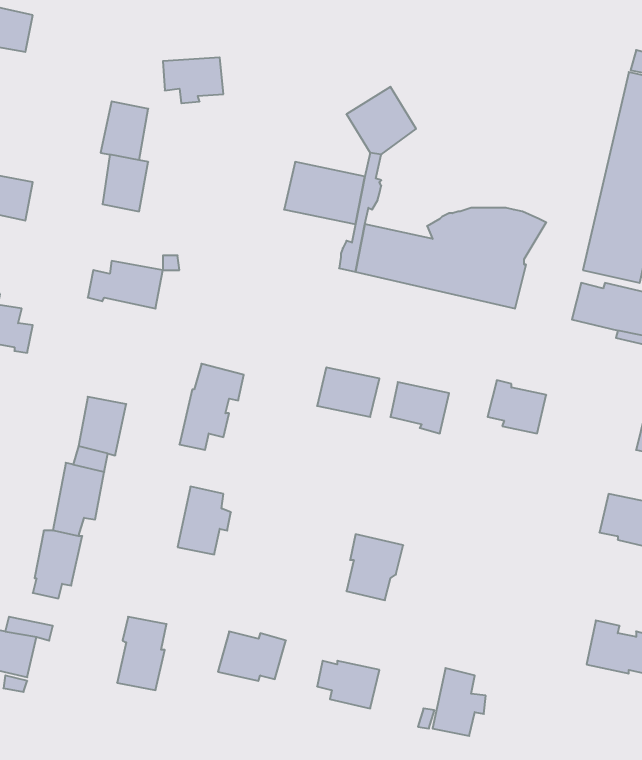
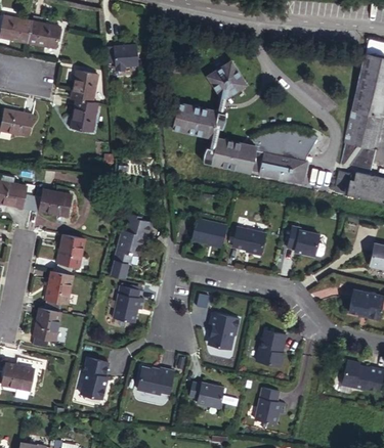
building: none -> [29,21,60,47]
building: [88,261,163,309] -> [30,189,72,216]
building: none -> [256,328,286,365]

